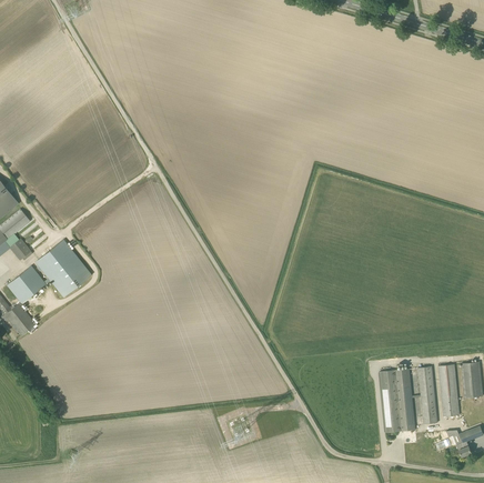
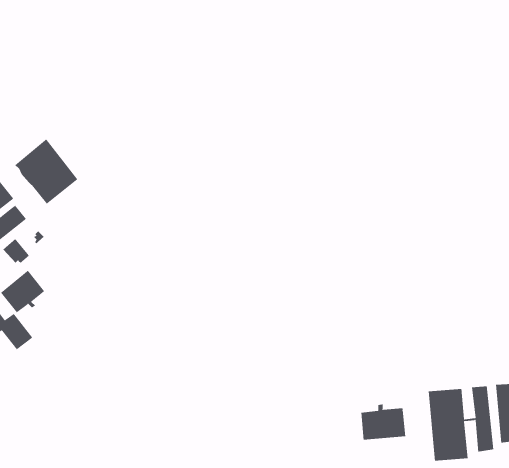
building: [36,239,91,296] -> [15,138,78,205]
building: none -> [361,403,406,440]

